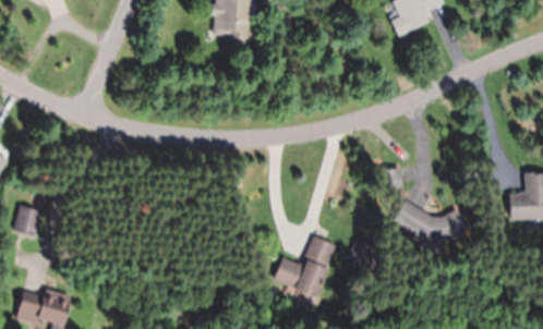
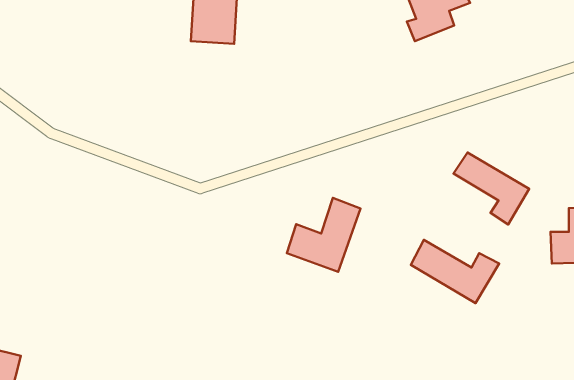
building: none -> [453,152,529,224]
building: [274,236,335,297] -> [287,198,361,272]

